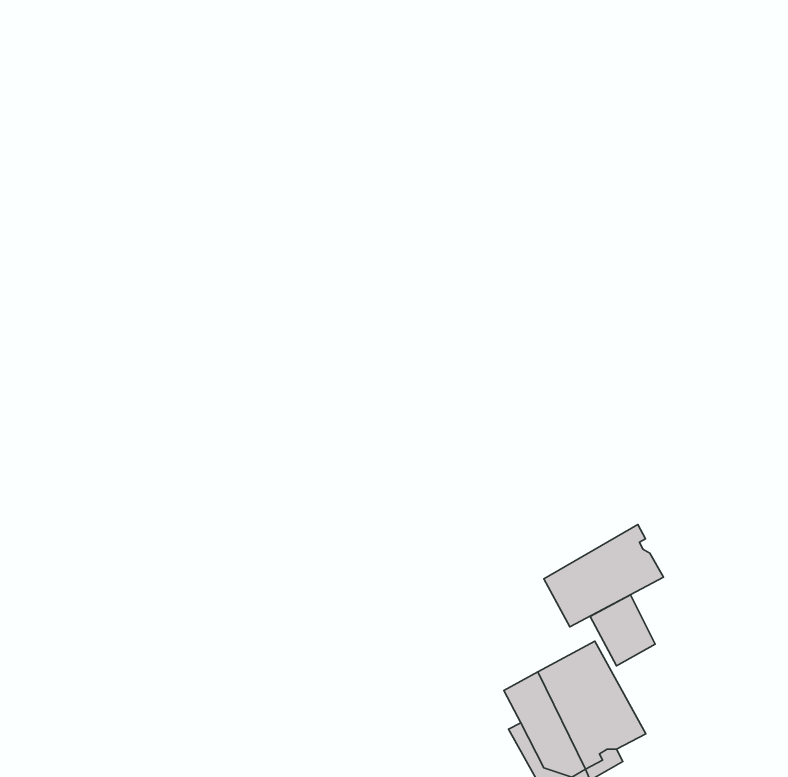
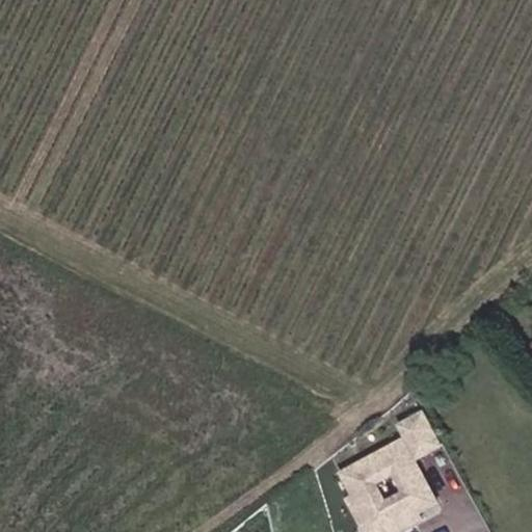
building: [544,524,663,627] -> none

